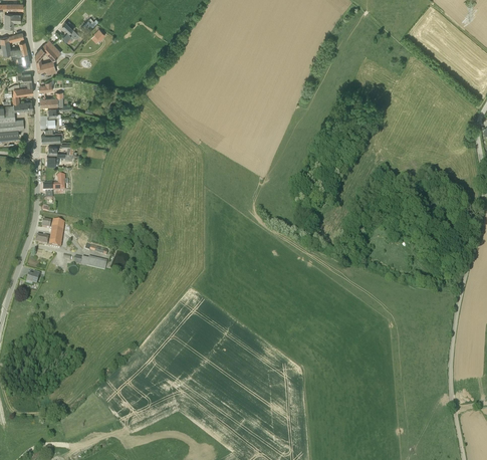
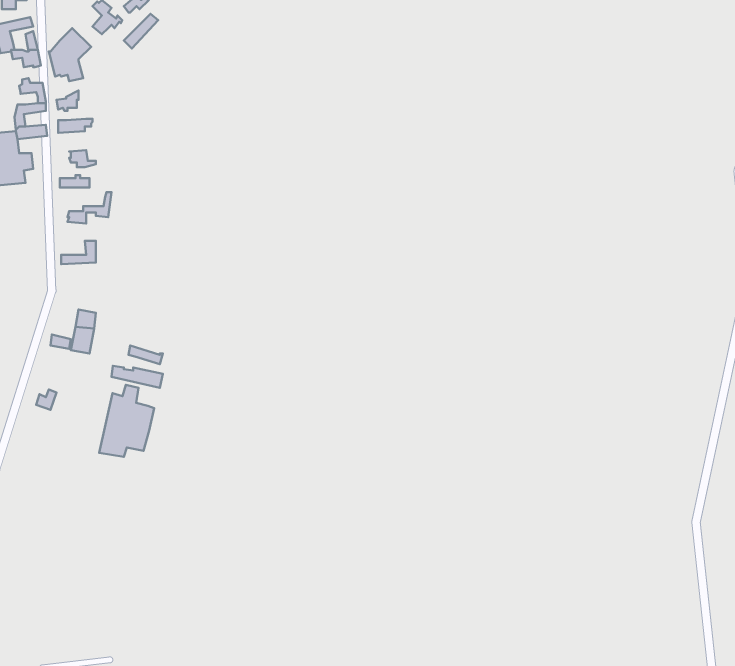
building: none -> [99,385,154,457]

